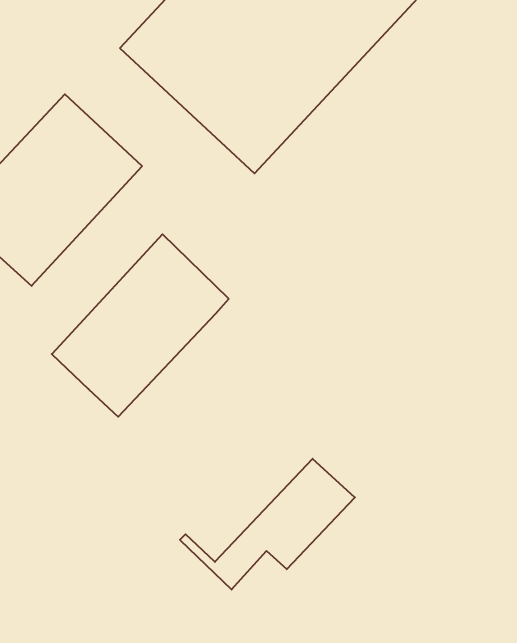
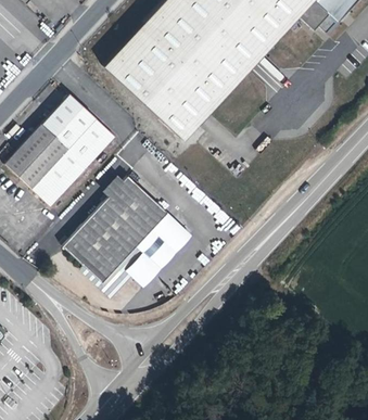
building: [180,459,355,590] -> [81,221,185,298]

